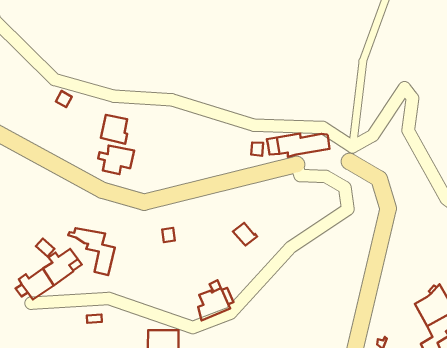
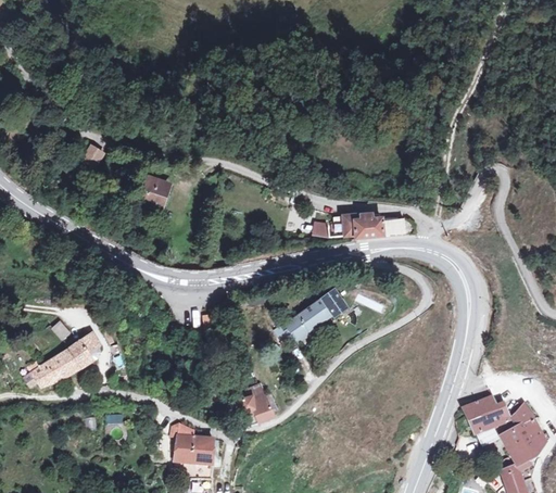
building: [98,146,134,174] -> none
building: none -> [299,289,345,329]
building: [68,228,115,275] -> none
building: none -> [463,392,510,432]

